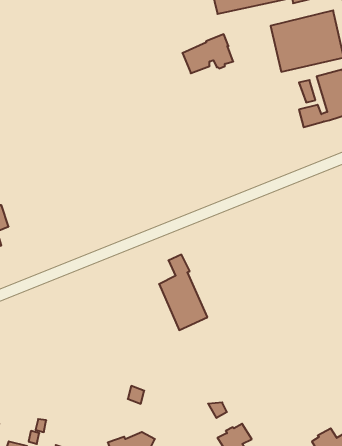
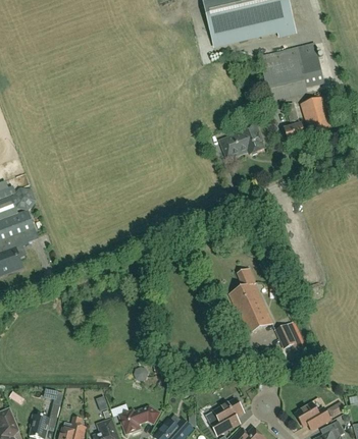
building: [182,34,233,73] -> [220,124,264,158]
building: [159,255,207,330] -> [229,268,271,333]
building: none -> [274,322,308,353]

